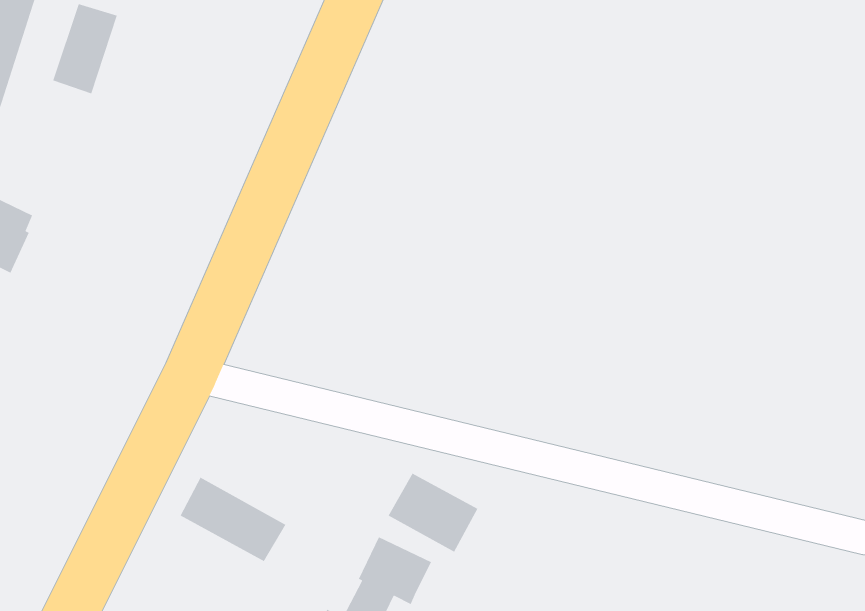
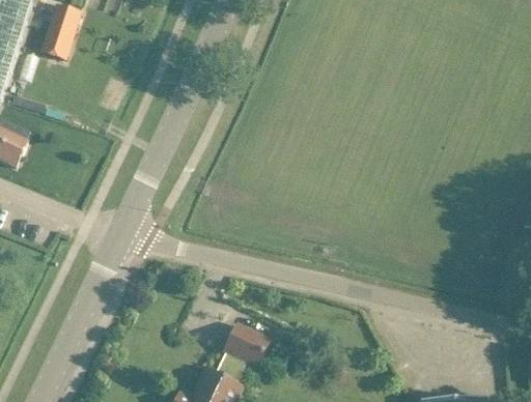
building: [387,472,478,553] -> none
building: [180,477,286,562] -> none

